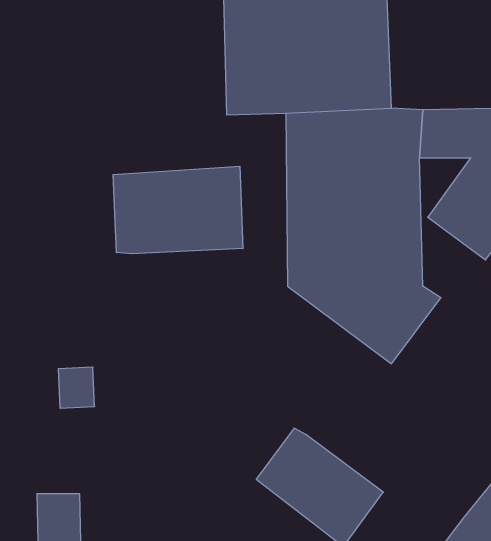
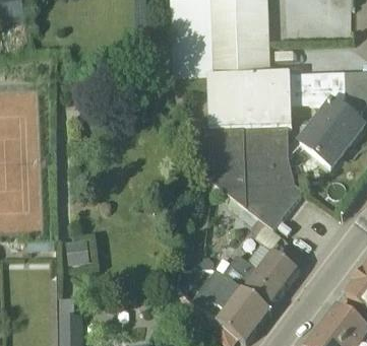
building: [113,166,243,254] -> none
building: none -> [221,241,298,308]

